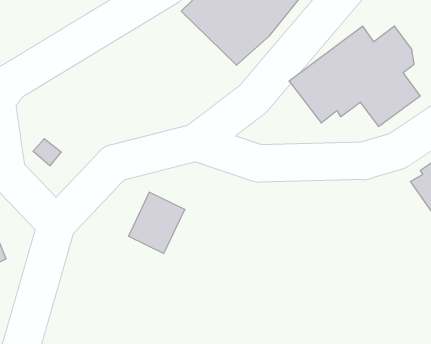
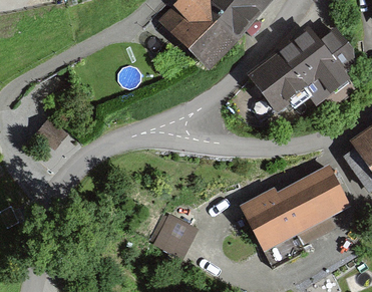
building: [128,192,185,253] -> [154,206,201,256]
building: none -> [244,169,347,247]

